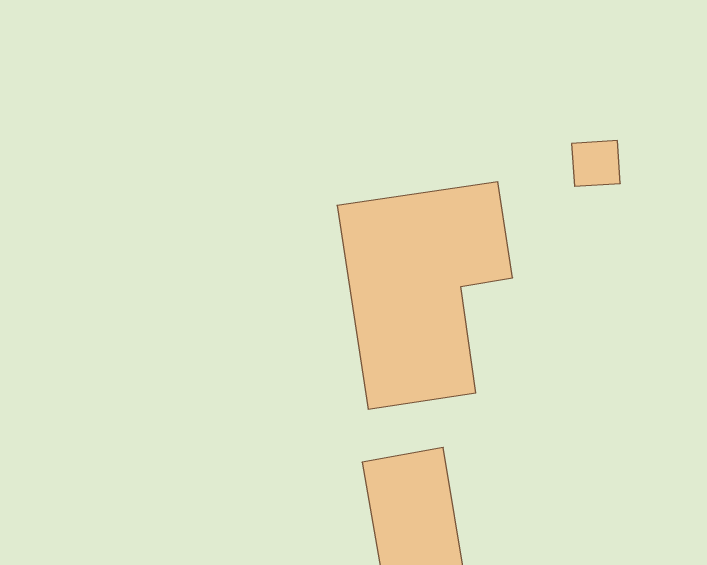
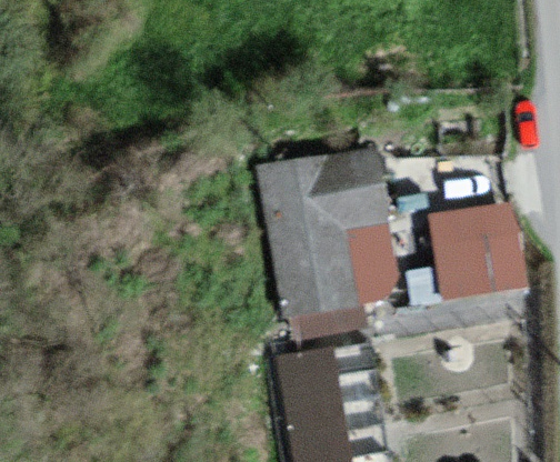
building: none -> [421,218,516,300]

